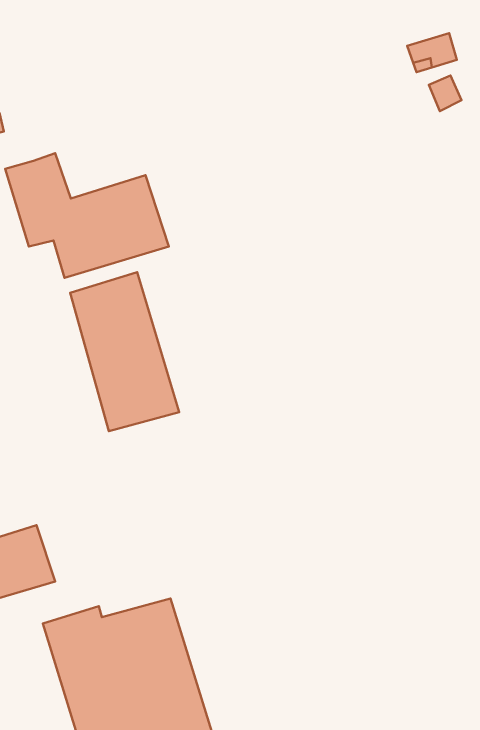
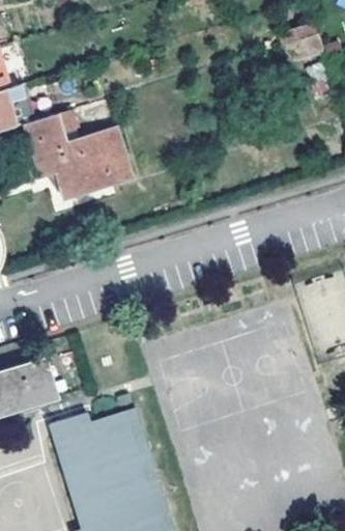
building: [70,272,179,431] -> none

